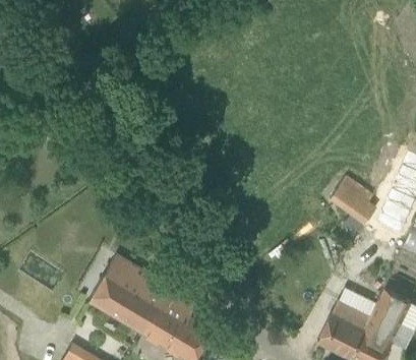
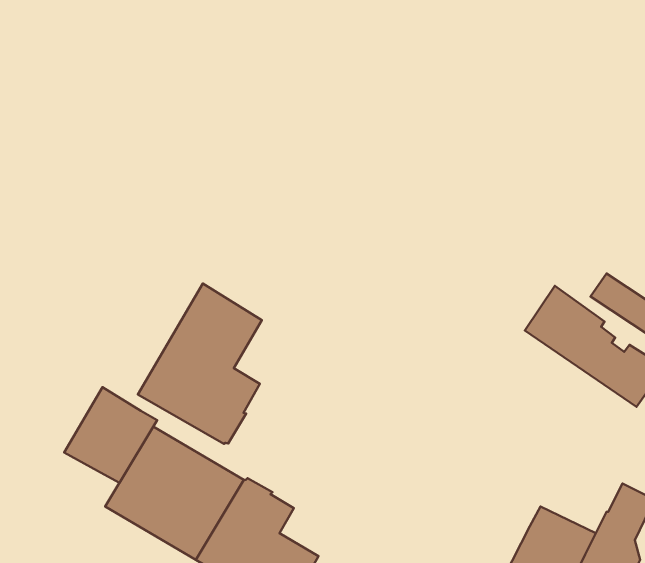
building: none -> [138,284,262,444]
building: none -> [64,387,157,483]

